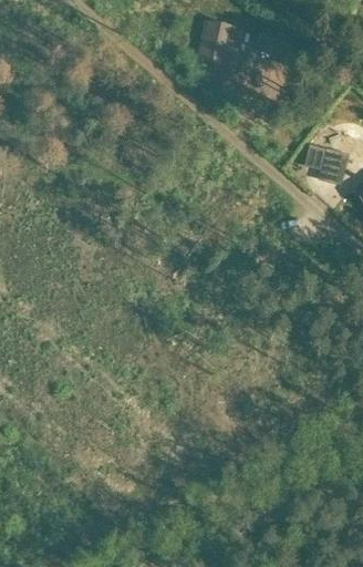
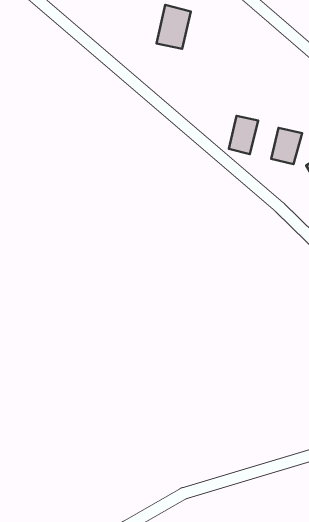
building: none -> [229,116,258,154]

